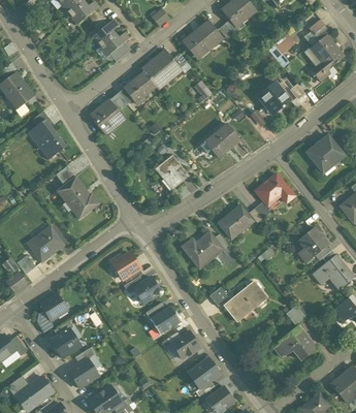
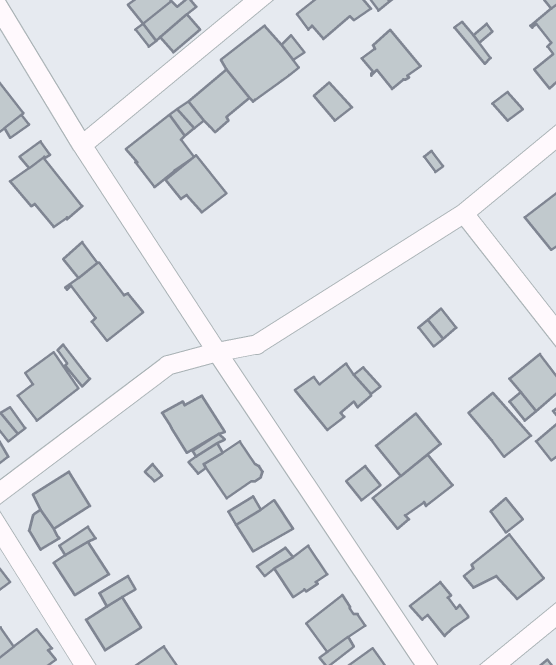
building: [258,81,290,113] -> [362,30,421,89]
building: [203,123,239,157] -> none
building: [155,155,188,186] -> [166,155,226,212]
building: [254,172,293,205] -> none
building: [217,204,252,239] -> [376,414,441,476]
building: none -> [469,393,531,457]
building: none -> [410,582,468,636]

